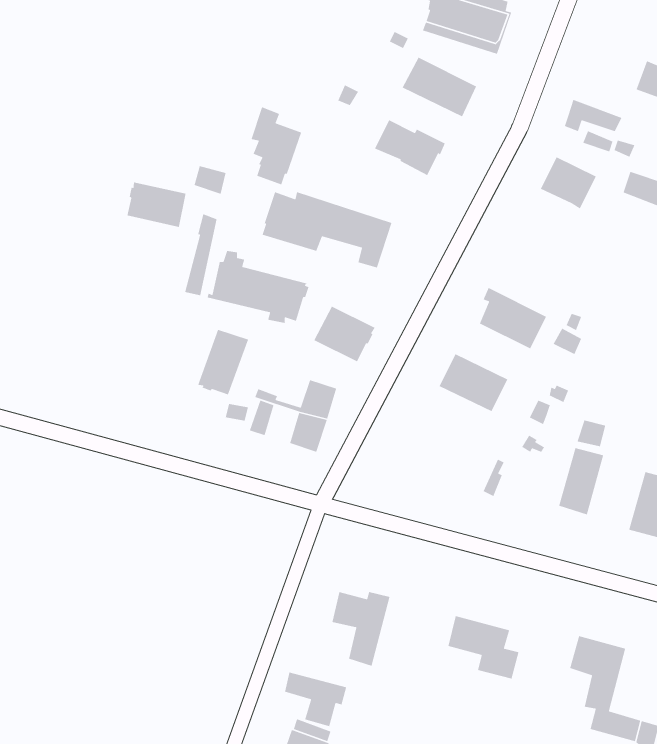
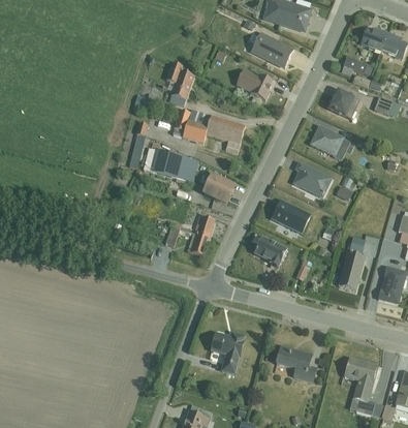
building: none -> [362,28,387,52]
building: [127,181,186,228] -> none
building: none -> [311,126,349,160]
building: [197,329,249,396] -> none
building: none -> [254,237,286,267]
building: [284,672,347,727] -> none

